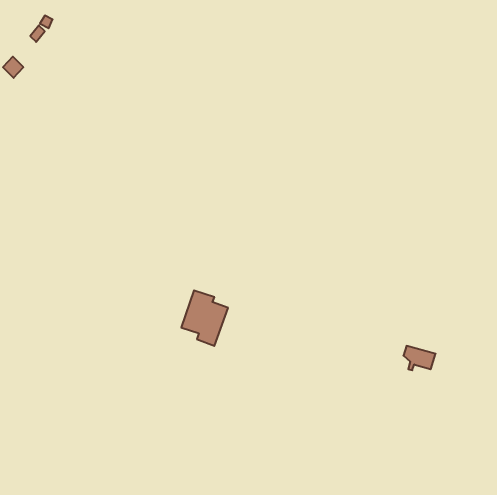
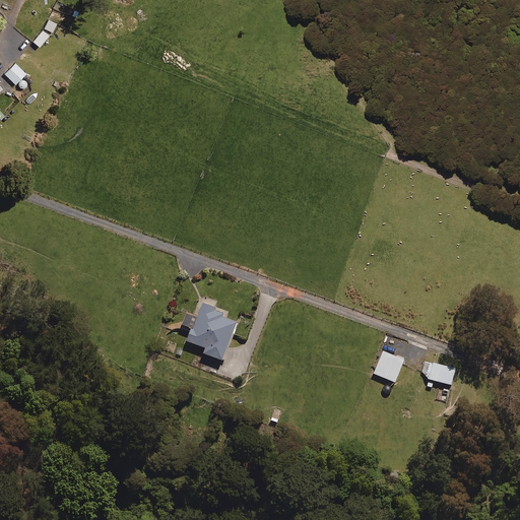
building: none -> [372,350,402,382]

